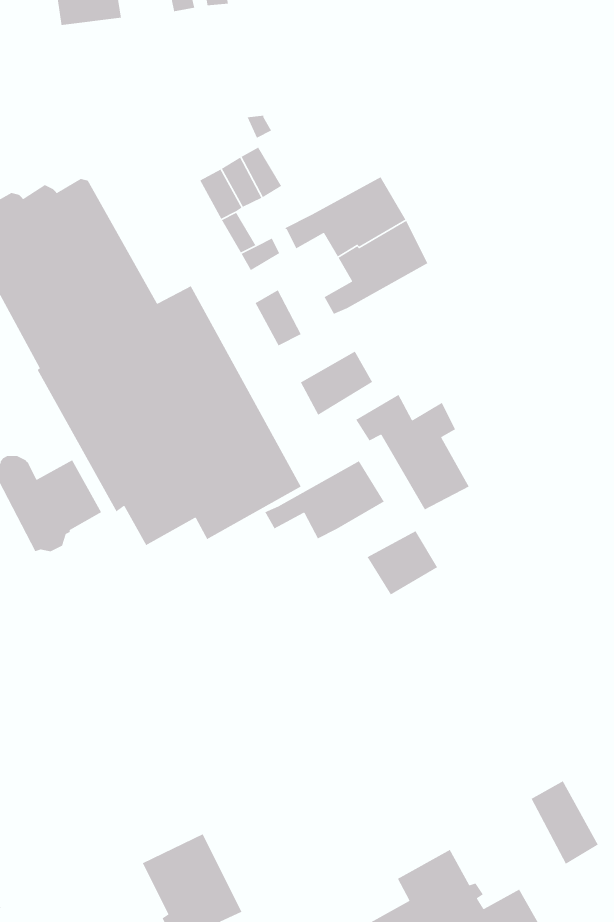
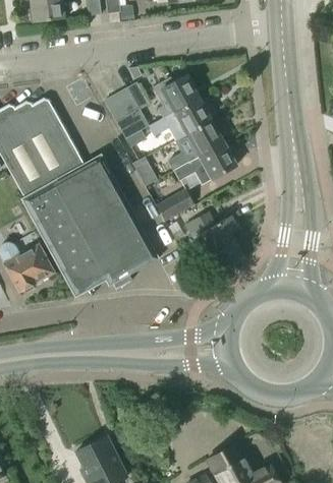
building: none -> [152,75,198,118]
building: [264,460,385,539] -> [173,143,235,184]
building: [367,530,438,596] -> none
building: [531,780,599,865] -> none

